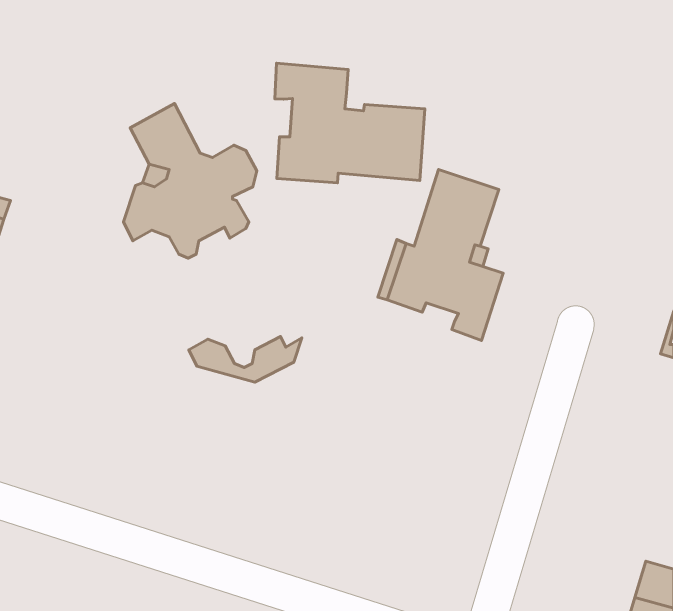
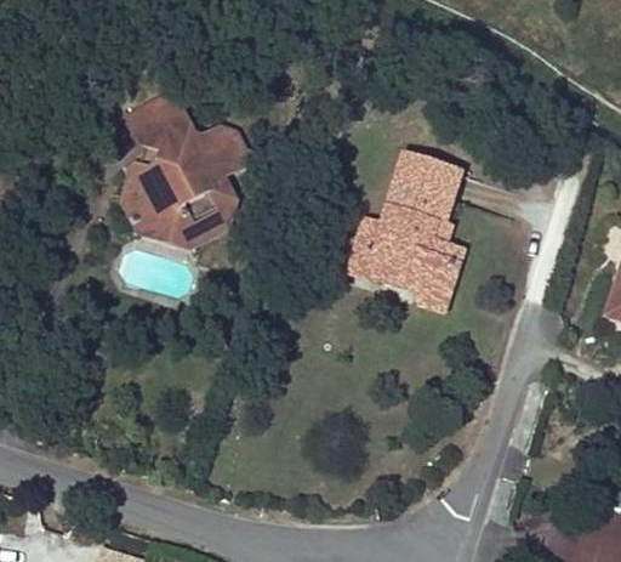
building: [275,63,425,183] -> none
building: [189,336,302,382] -> [131,206,233,248]

